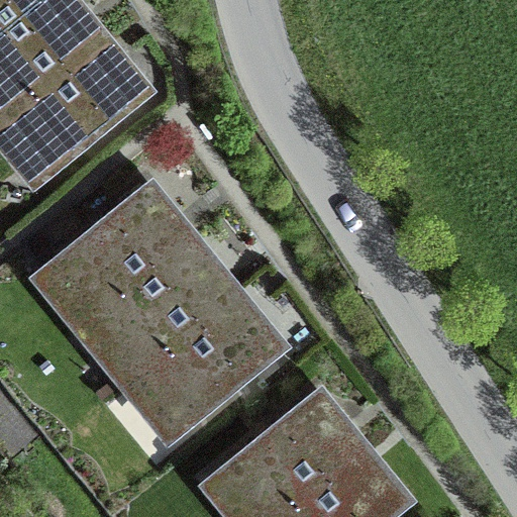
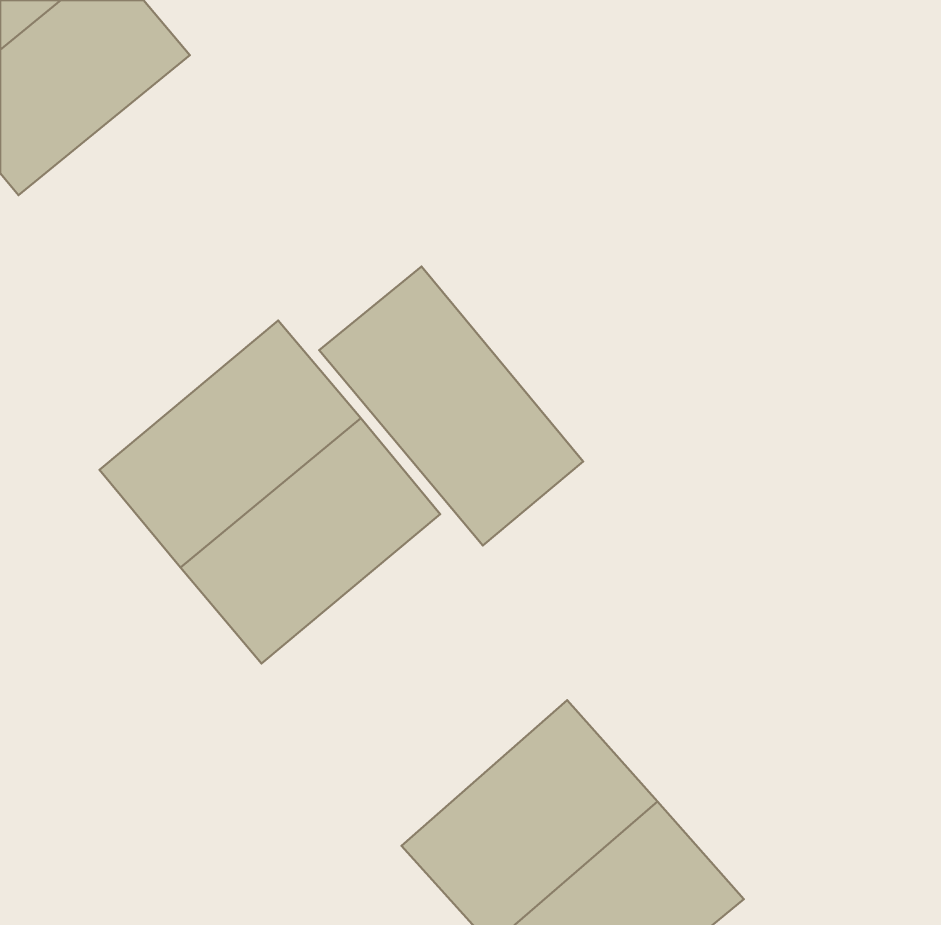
building: [10,39,148,172] -> none
building: none -> [319,267,583,545]
building: [143,291,284,423] -> none

